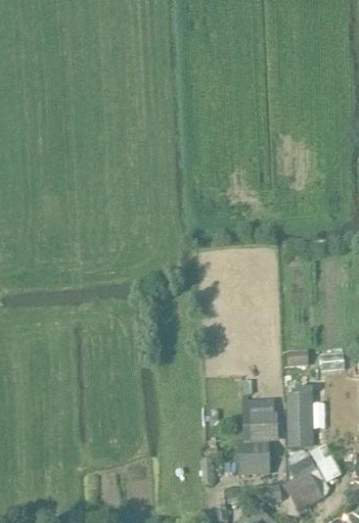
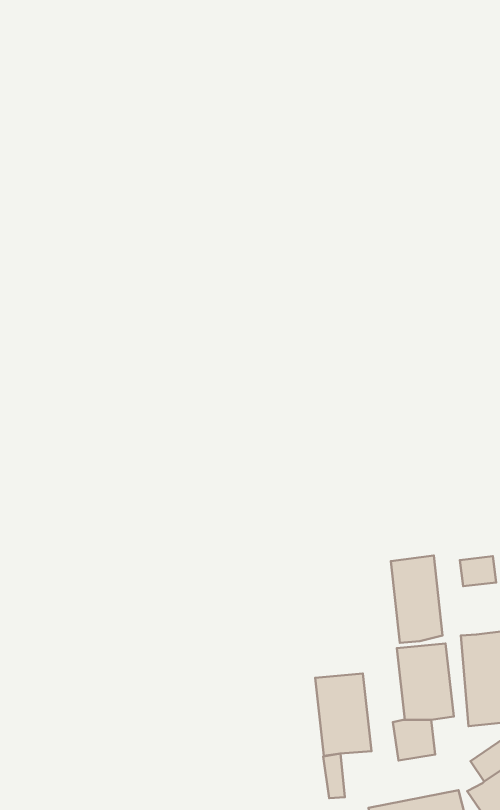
building: none -> [391,556,443,643]
building: none -> [315,673,371,756]

